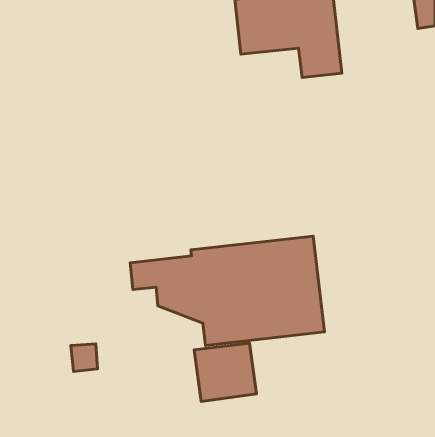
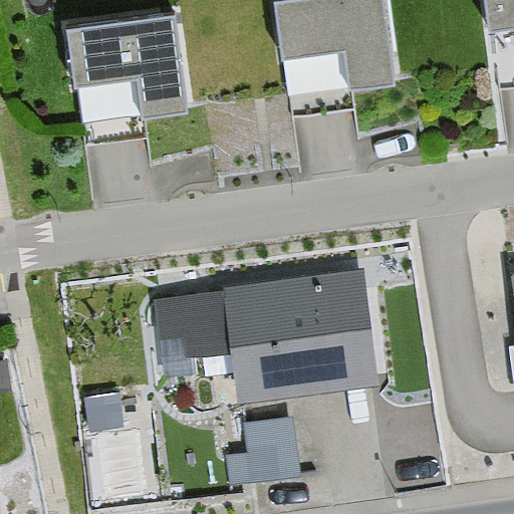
building: none -> [66,14,191,118]

